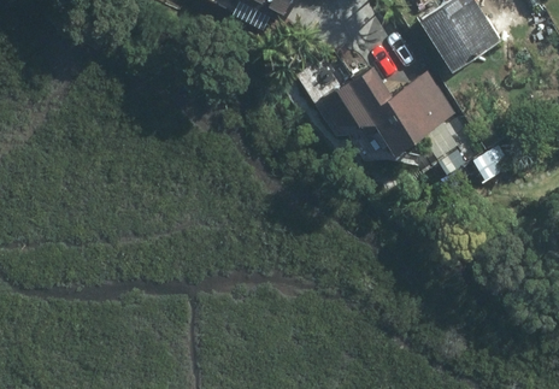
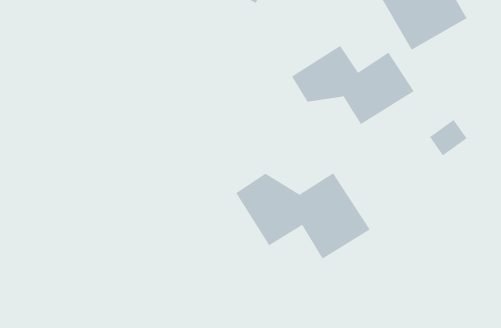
building: none -> [235,172,370,259]

